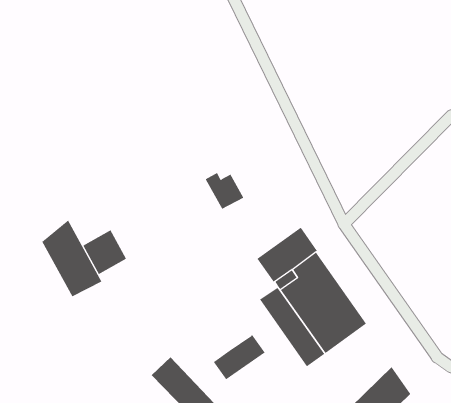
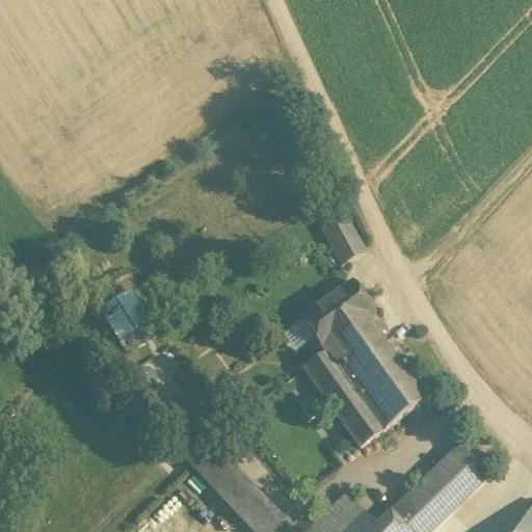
building: [205,172,244,209] -> [320,221,366,265]
building: [42,220,102,297] -> none
building: [213,334,265,380] -> none

